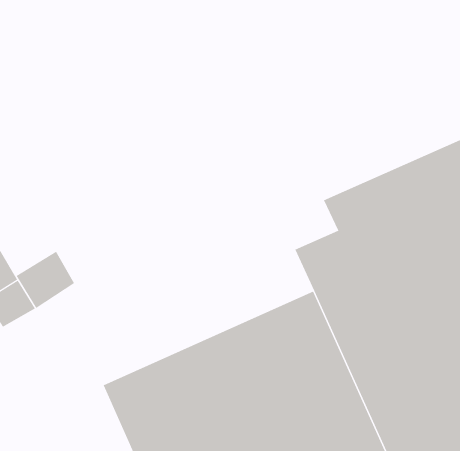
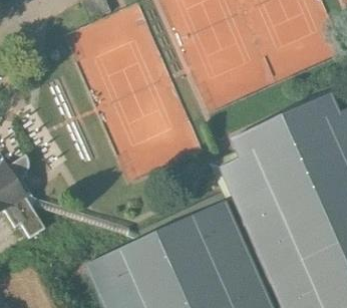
building: [16,251,75,309] -> none

